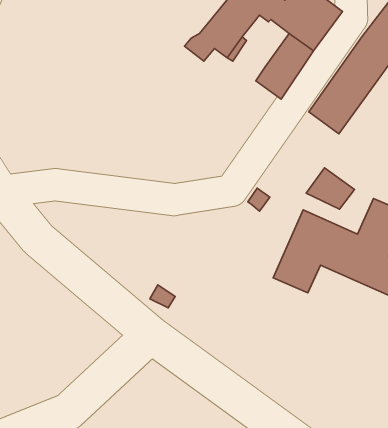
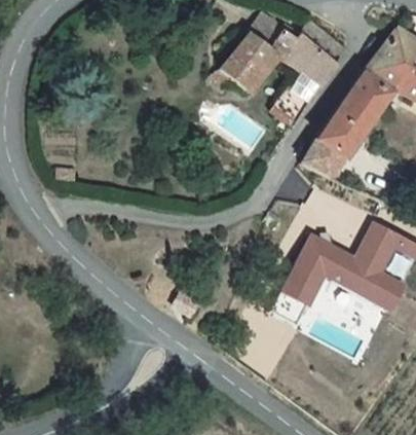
building: [306,168,355,209] -> [299,142,342,179]

